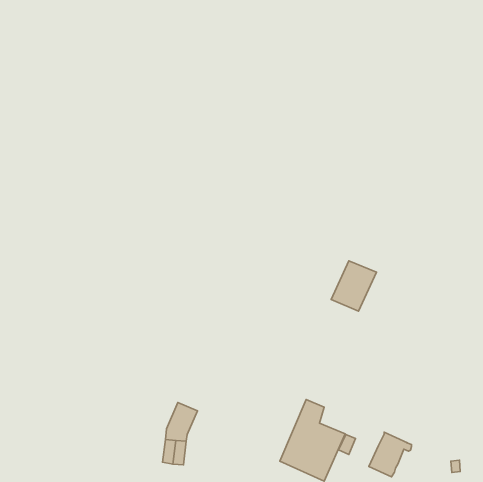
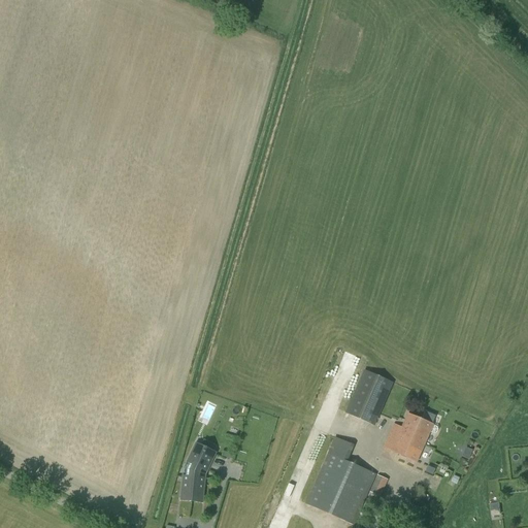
building: [331,261,376,311] -> [344,369,394,424]
building: [369,432,411,477] -> [391,411,437,460]

